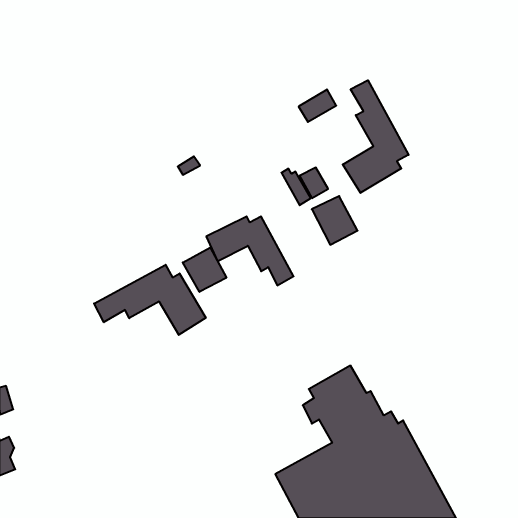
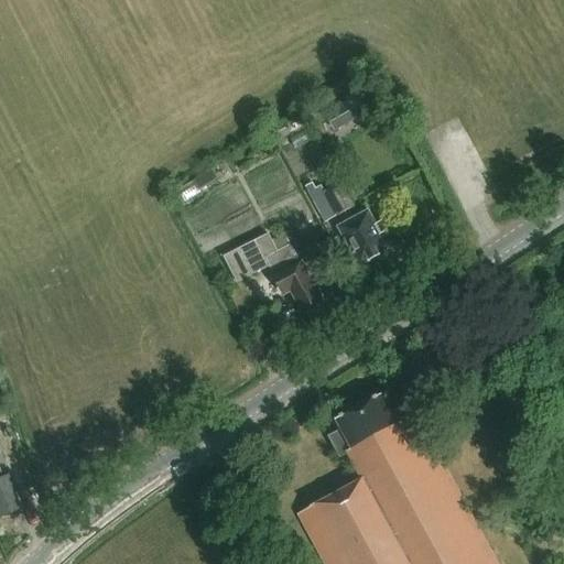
building: [343,80,409,193] -> none
building: [183,248,226,292] -> none
building: [94,265,206,335] -> none

